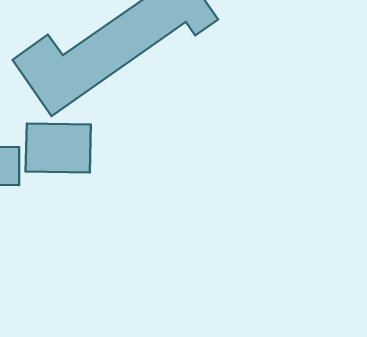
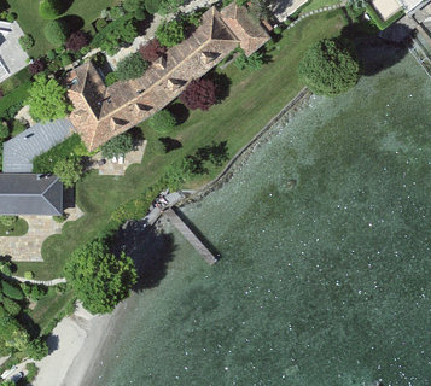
building: [26,124,91,172] -> none

